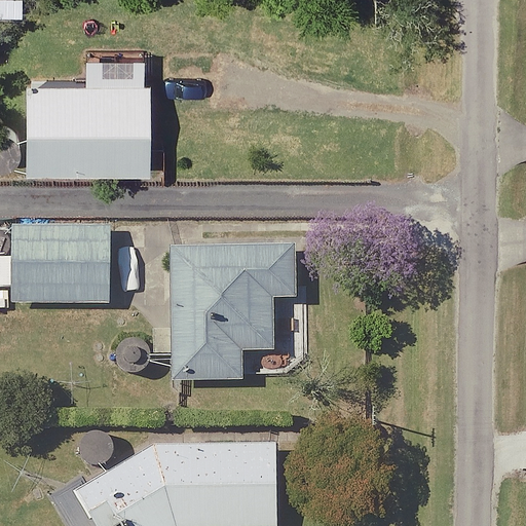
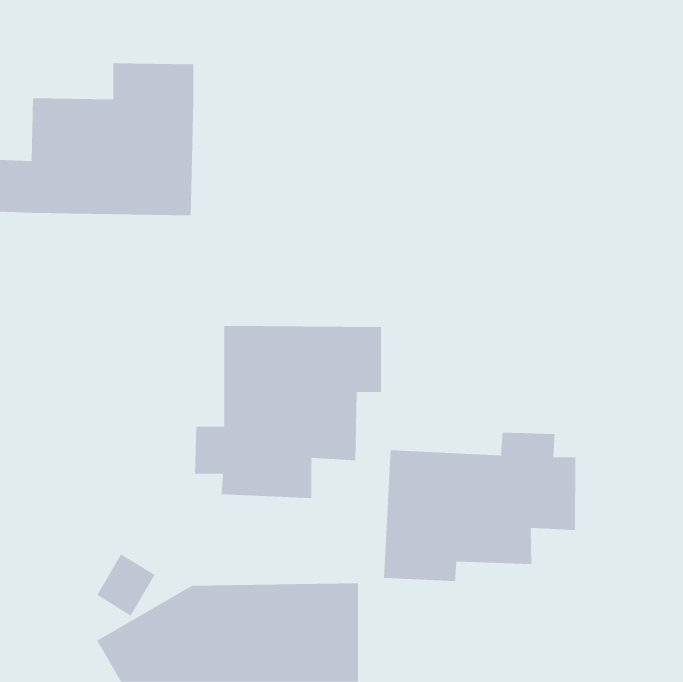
building: [11,224,111,304] -> none
building: none -> [383,432,576,582]

